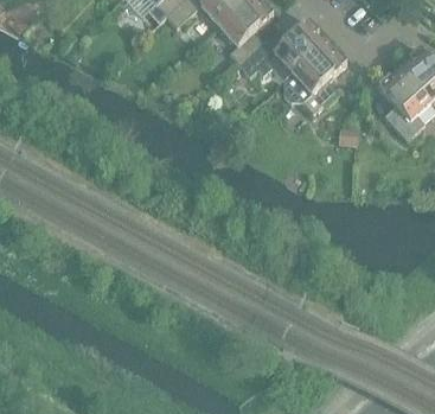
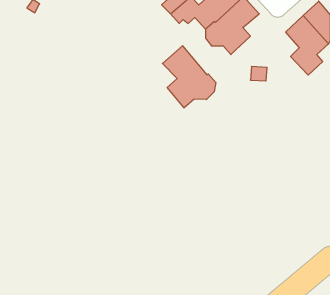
building: none -> [162,46,216,108]

